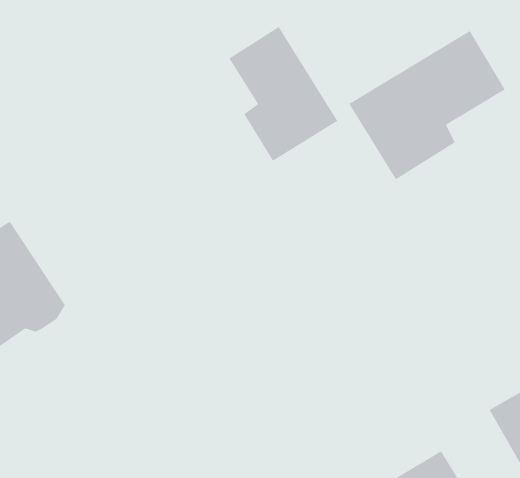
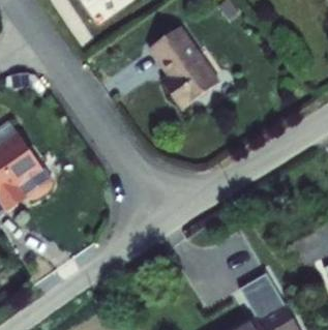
building: [349,30,505,180] -> none

